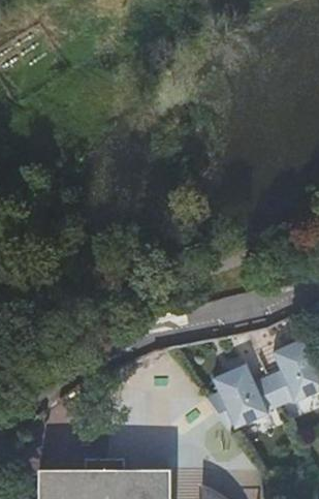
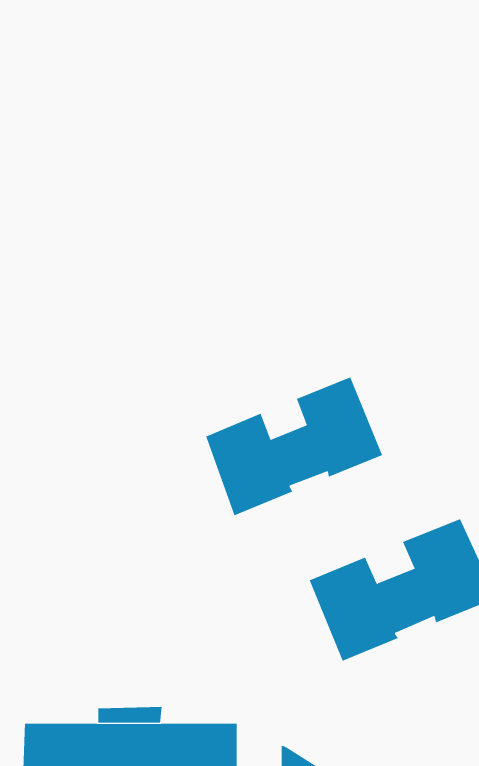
building: none -> [205,376,383,516]

